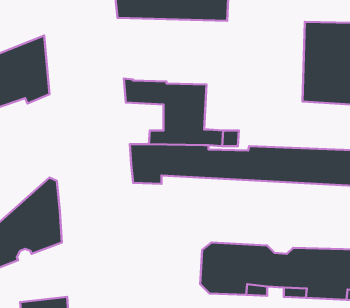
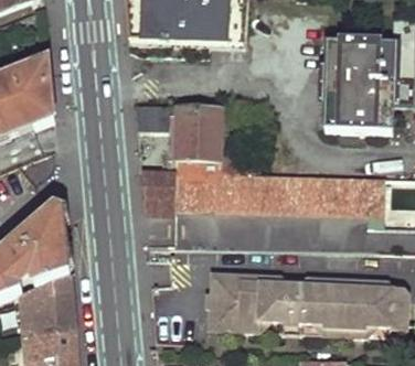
building: none -> [21,276,74,338]

